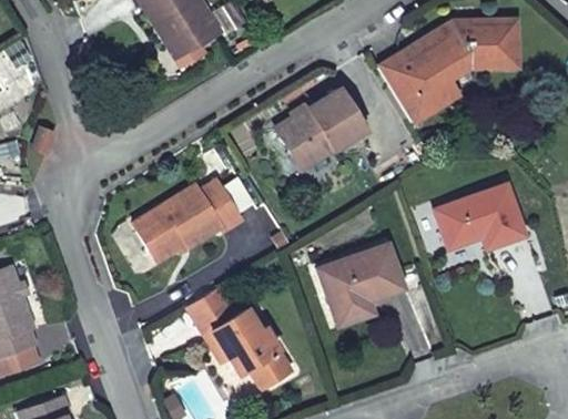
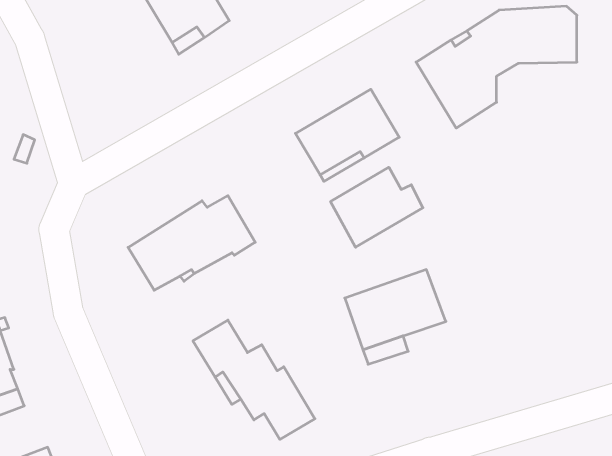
building: none -> [331,167,423,247]
building: [437,184,526,248] -> none

